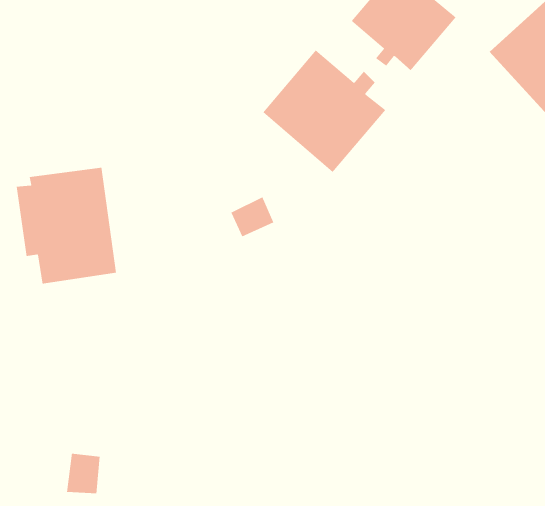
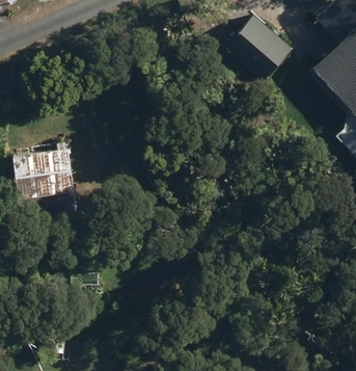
building: [262,50,386,173] -> none

